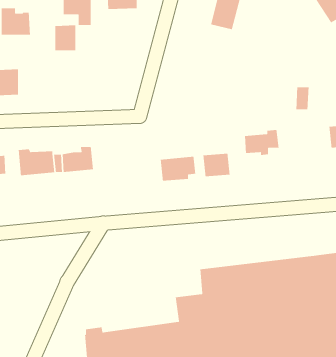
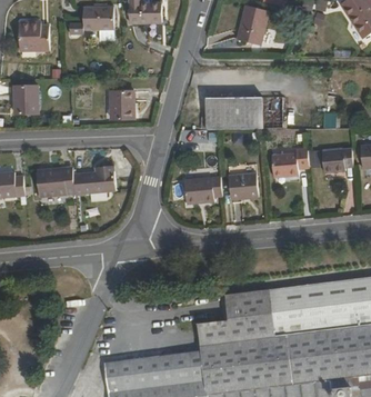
building: [55,24,76,51] -> [110,90,132,118]
building: none -> [200,97,282,127]
building: none -> [321,147,351,171]

